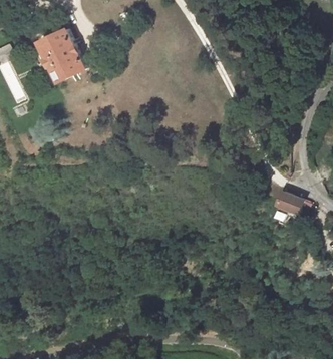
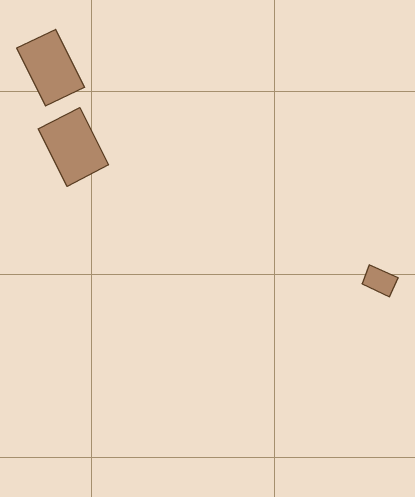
building: none -> [38,108,108,186]

